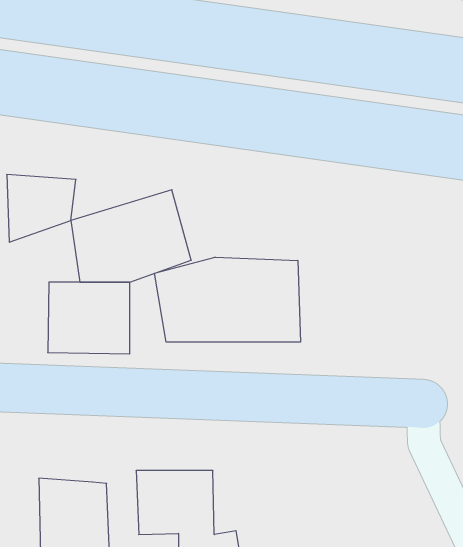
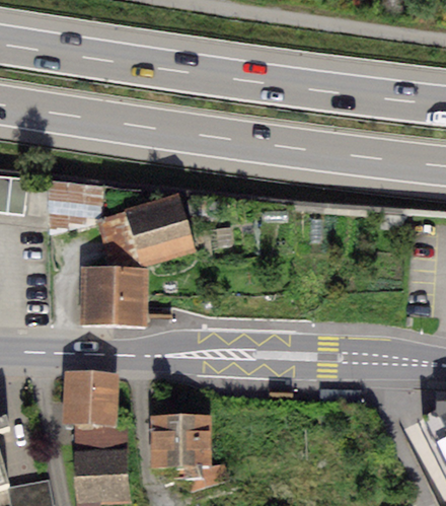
building: [154,257,300,342] -> none
building: none -> [63,370,119,425]

